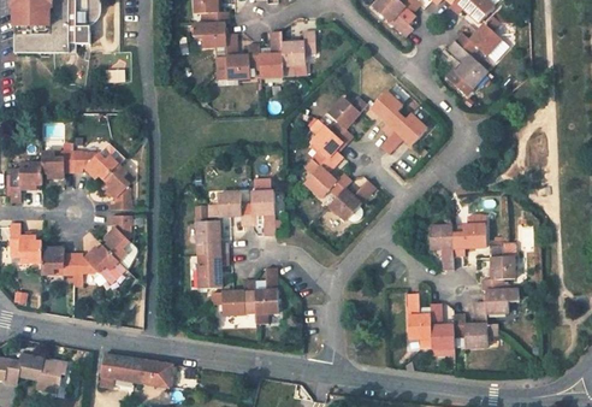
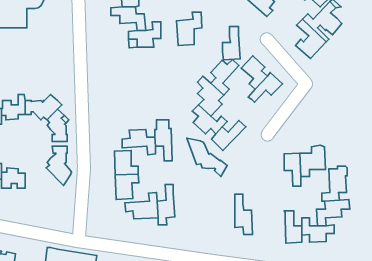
building: [259,31,283,77] -> [223,27,240,60]
building: none -> [187,138,227,177]
building: [72,244,125,283] -> none
building: [407,293,431,348] -> [235,194,253,235]

